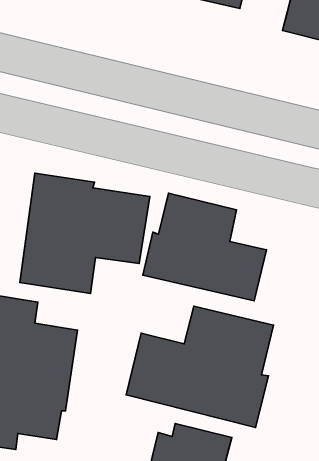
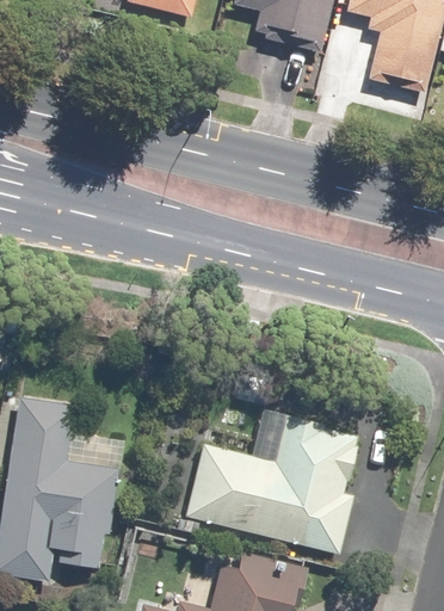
building: [20,173,150,294] -> none
building: [143,193,267,301] -> none

